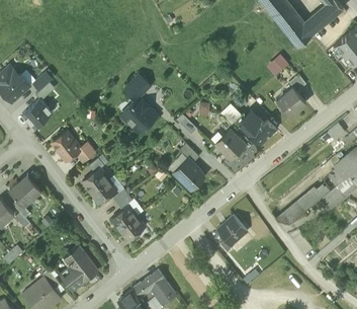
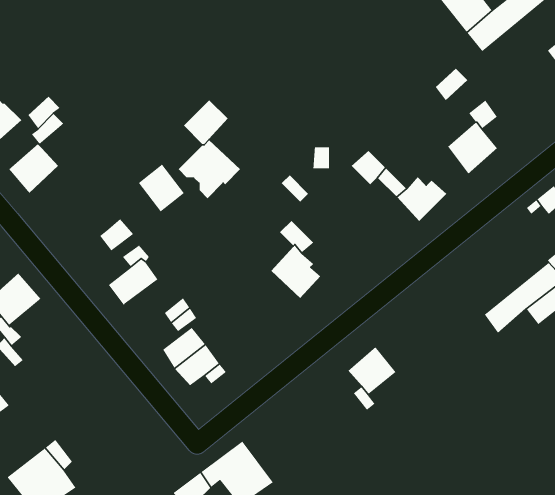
building: [219,130,245,160] -> none
building: [53,132,80,160] -> [138,164,185,213]
building: [89,178,118,205] -> none
building: [274,199,305,224] -> none
building: [58,244,99,292] -> none

